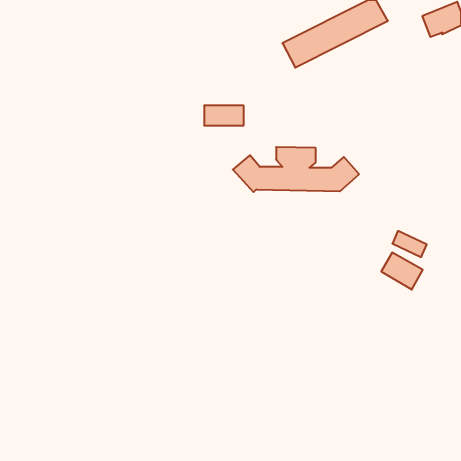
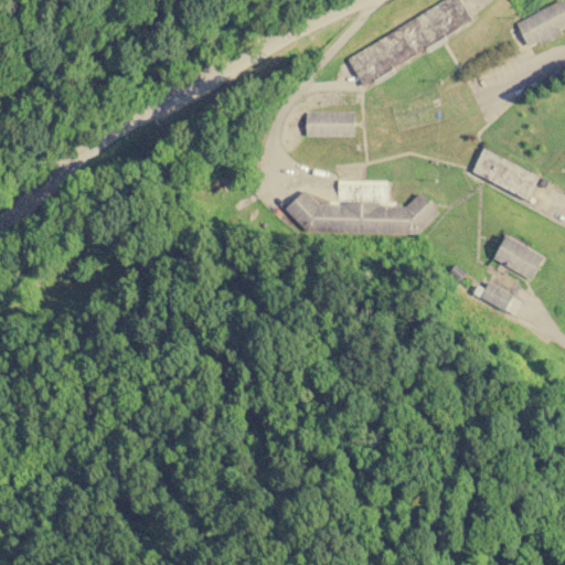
building: [204,106,244,125] -> [306,111,354,136]
building: none -> [471,149,540,199]
building: [381,253,423,290] -> [493,235,544,280]

